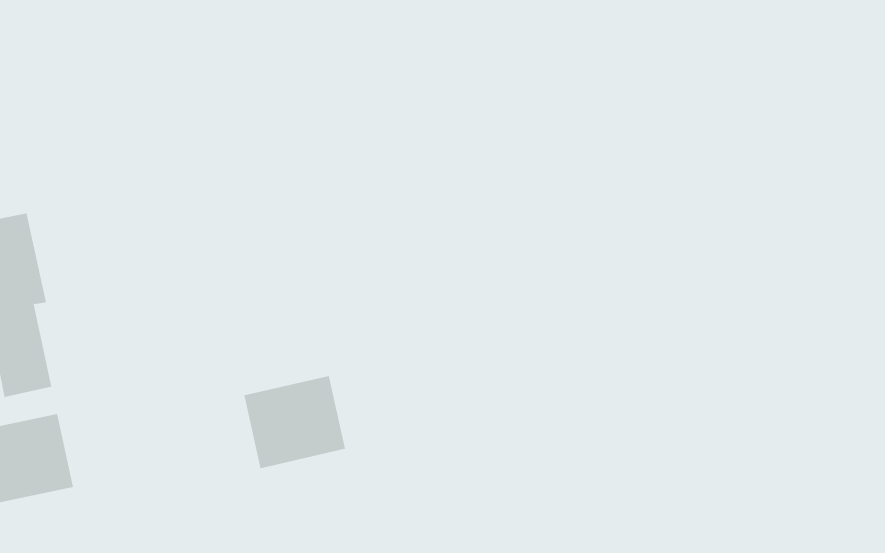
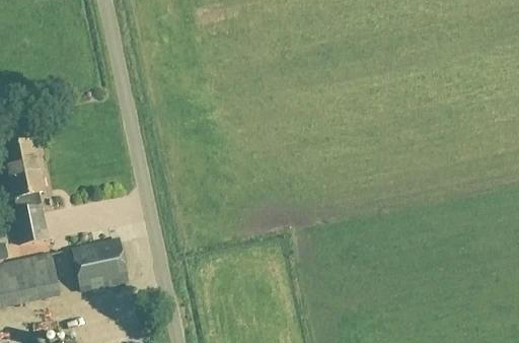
building: [244,376,346,469] -> [70,237,128,290]

